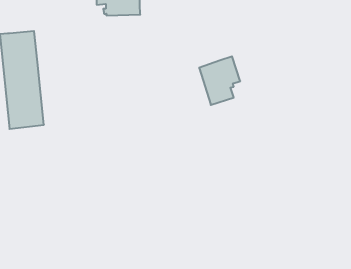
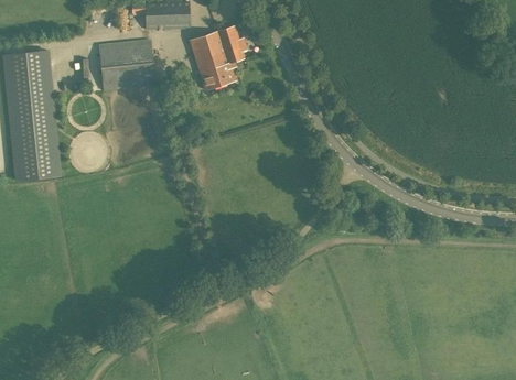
building: none -> [99,39,155,89]
building: [199,56,240,105] -> [190,24,245,89]

